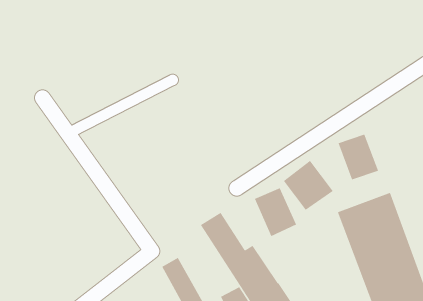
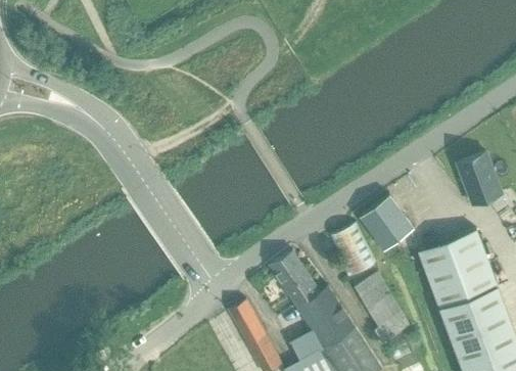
building: [338,134,379,181] -> [457,153,502,204]
building: none -> [356,274,411,343]

